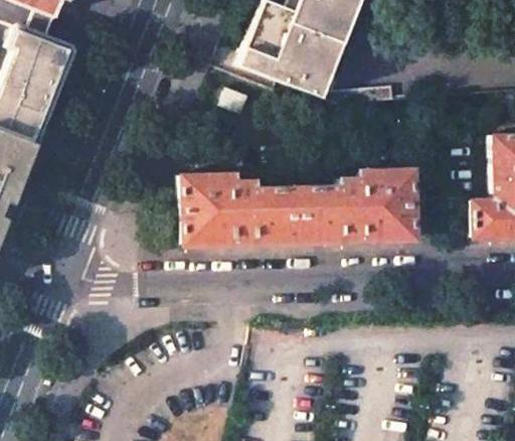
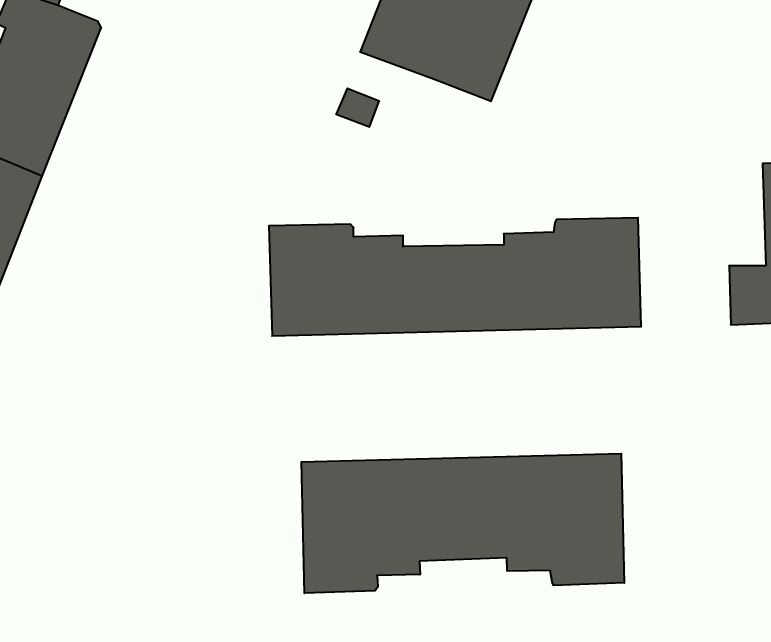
building: none -> [301,454,624,593]

